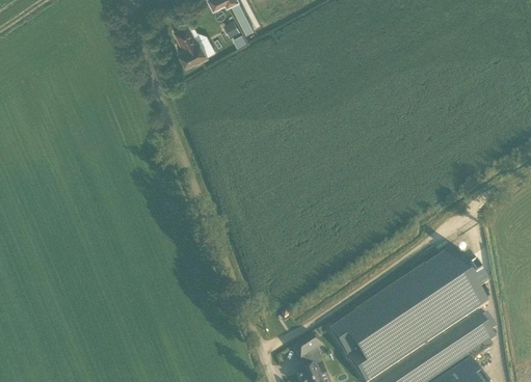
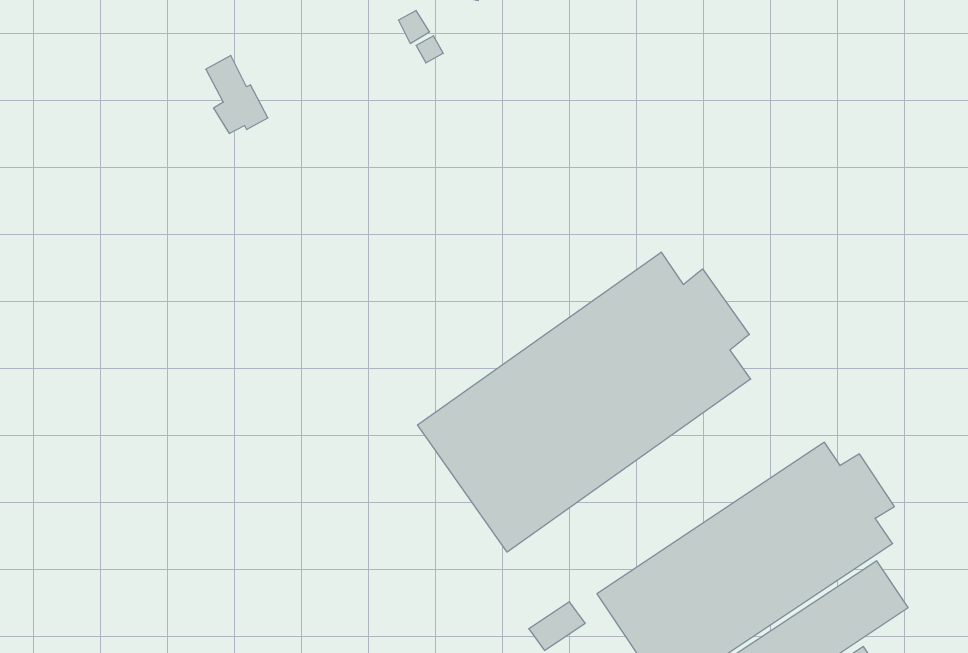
building: [172,23,206,64] -> [206,56,268,133]
building: none -> [418,252,751,552]

